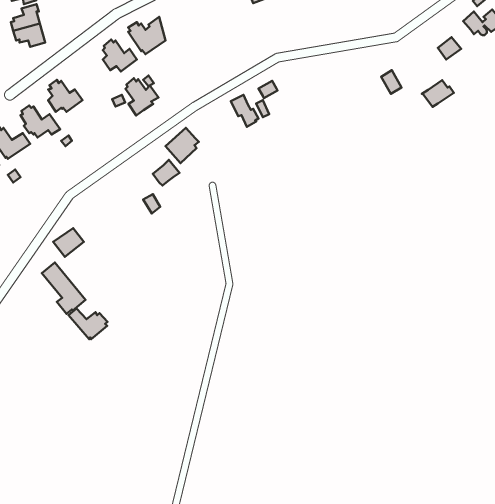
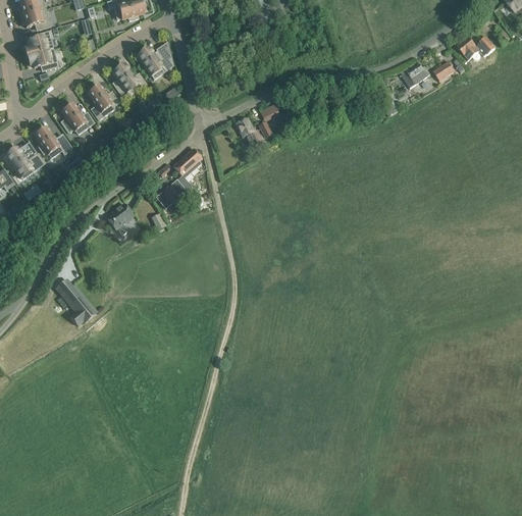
building: [125,78,158,116] -> [87,84,118,119]
building: [422,80,454,107] -> [399,61,429,87]
building: [53,228,84,257] -> [104,202,134,229]
building: [69,308,107,339] -> none

